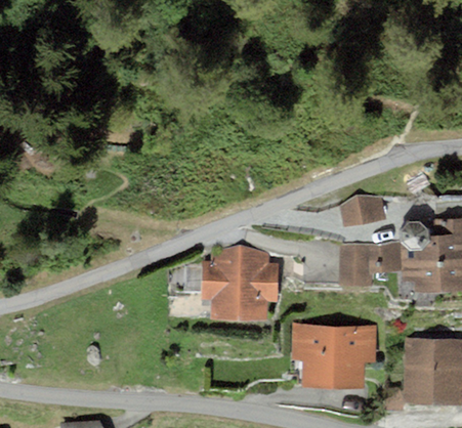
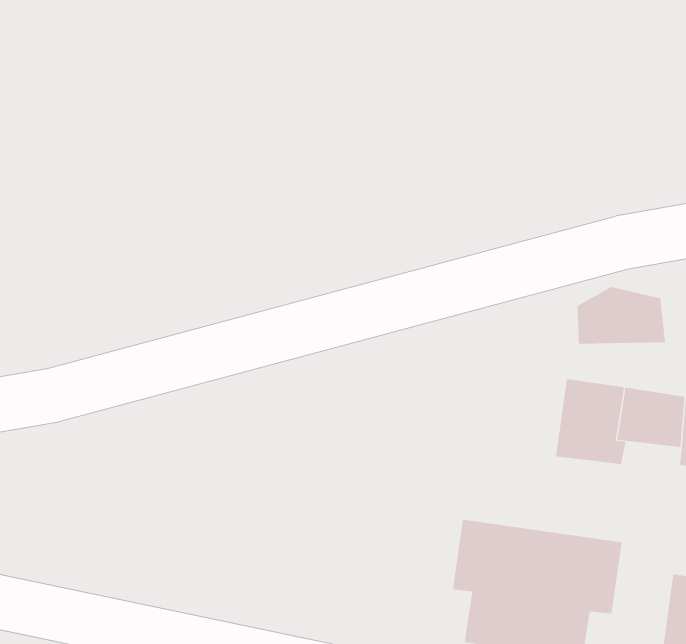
building: [201,245,279,319] -> none

